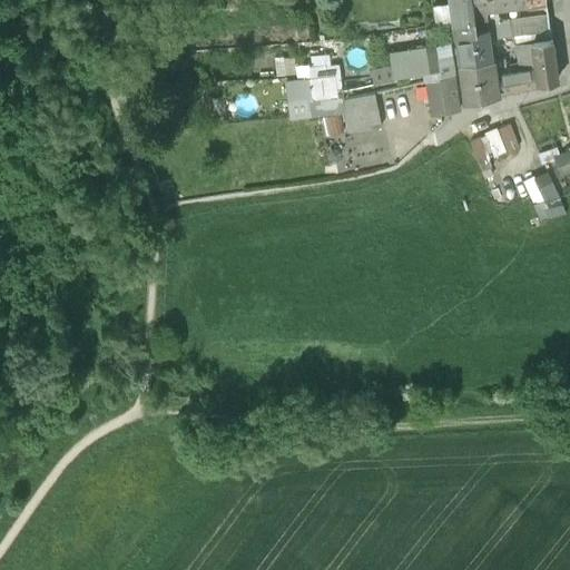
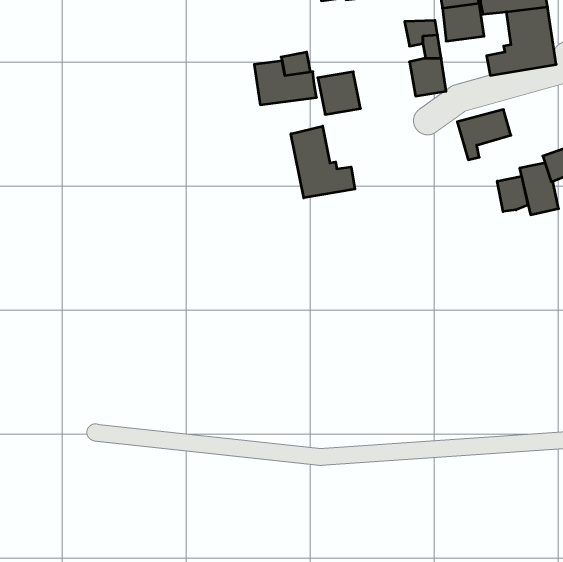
building: [459,58,499,99] -> none
building: none -> [291,126,355,198]
building: none -> [497,176,528,212]

